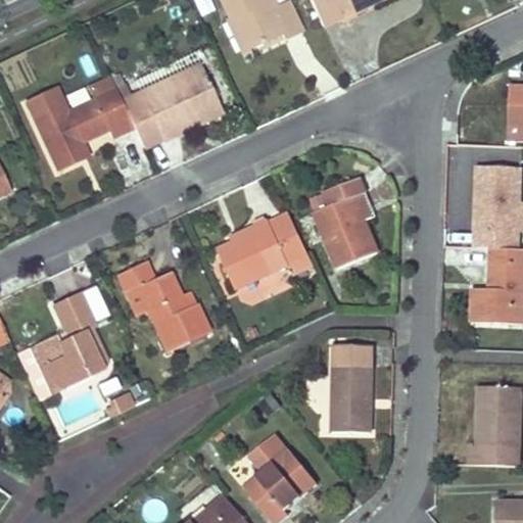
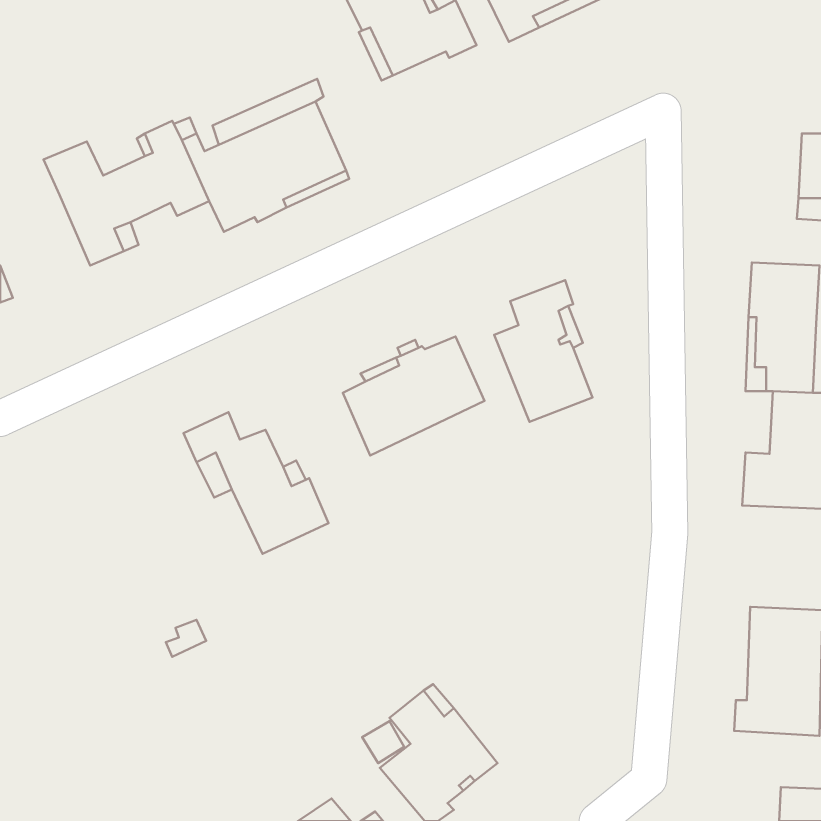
building: [17,293,105,400] -> none
building: [331,345,373,431] -> none

